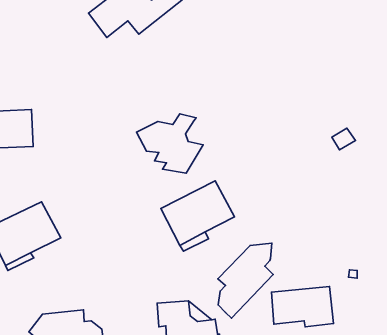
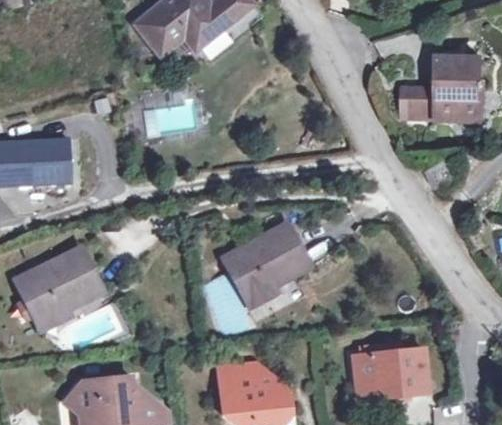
building: none -> [409,55,483,118]
building: [137,114,203,173] -> none
building: [218,243,273,318] -> none

